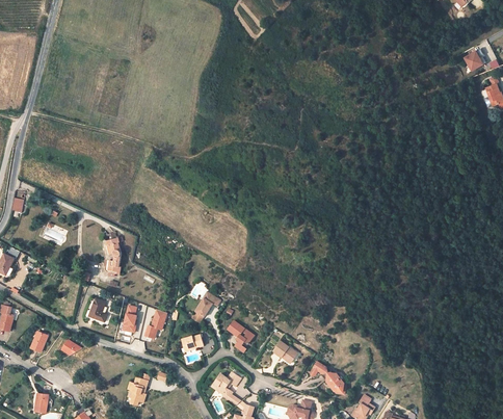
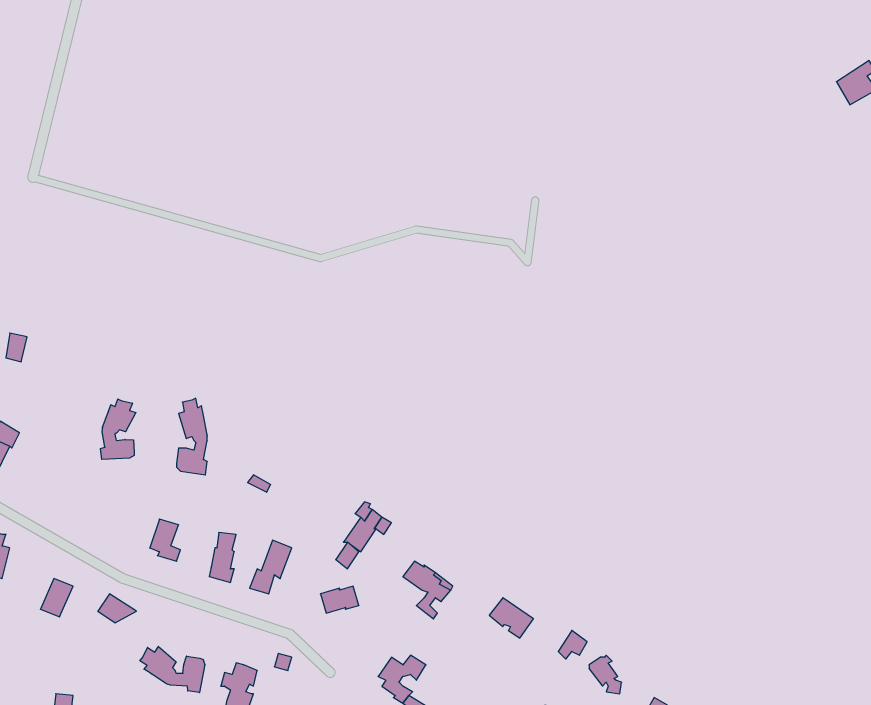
building: none -> [101,399,136,459]
building: none -> [140,646,205,693]

